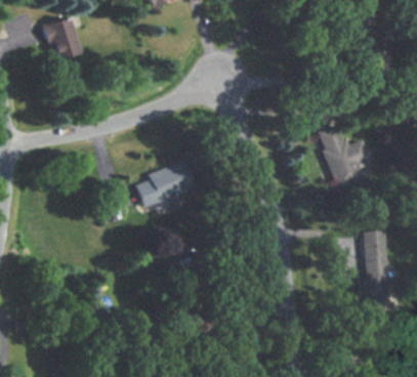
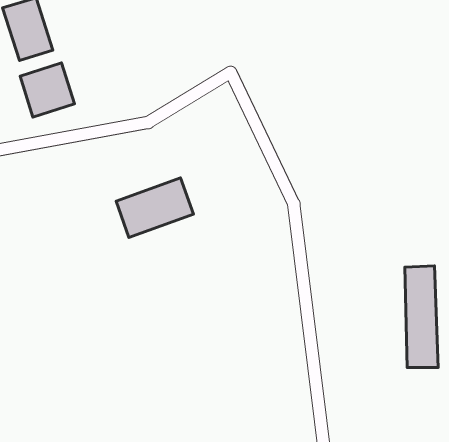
building: none -> [20,63,74,117]
building: [317,124,372,191] -> none

